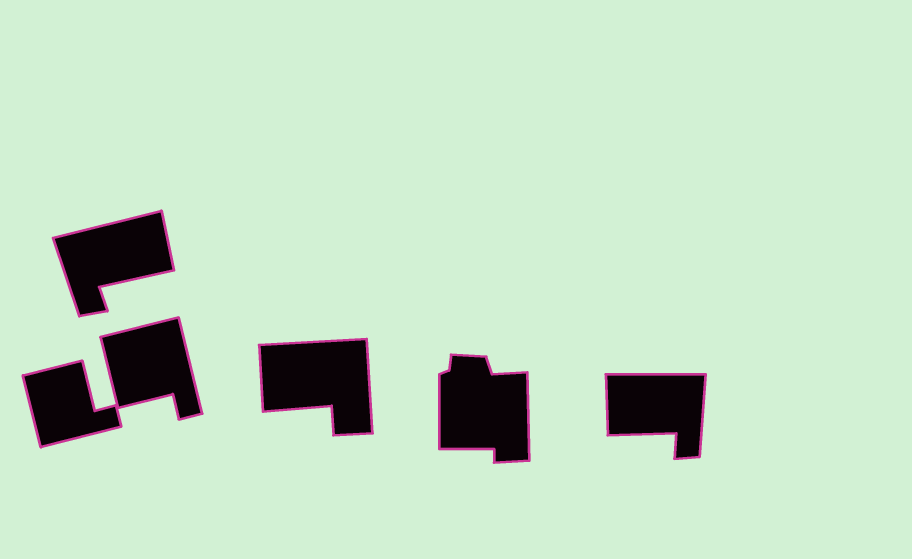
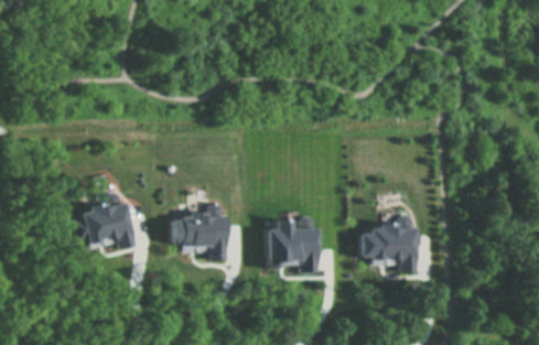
building: [53,211,174,316] -> none
building: [23,361,121,447] -> none

